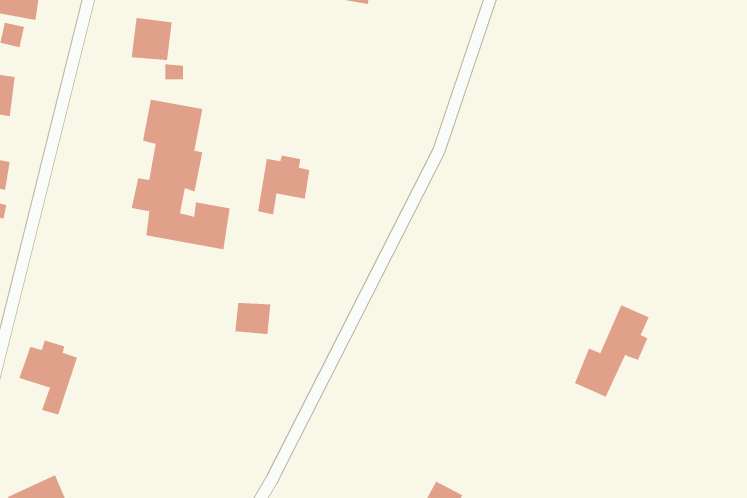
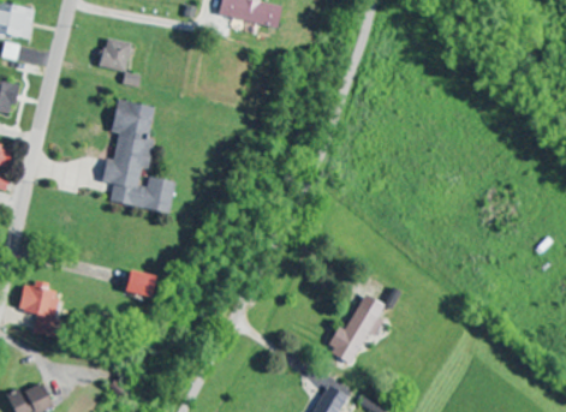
building: [257,155,310,215] -> none
building: [234,303,271,335] -> [123,270,150,294]
building: [574,304,650,397] -> [328,293,385,363]

